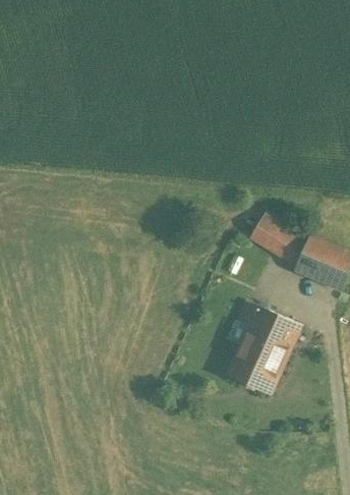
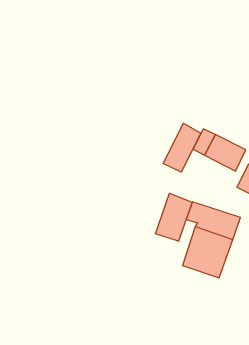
building: none -> [163,123,201,172]
building: none -> [155,193,192,241]

